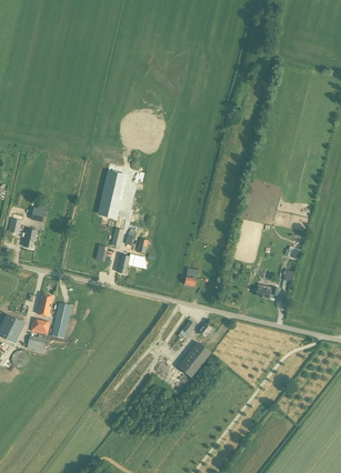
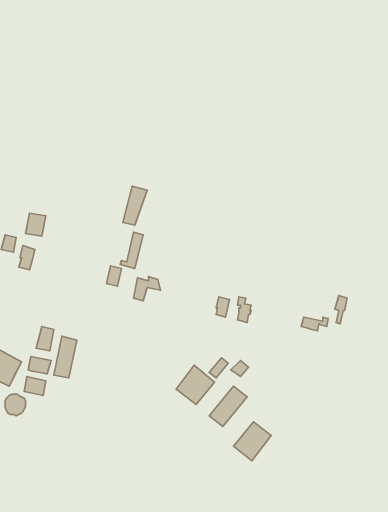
building: none -> [176,365,215,405]
building: none -> [234,422,271,461]

